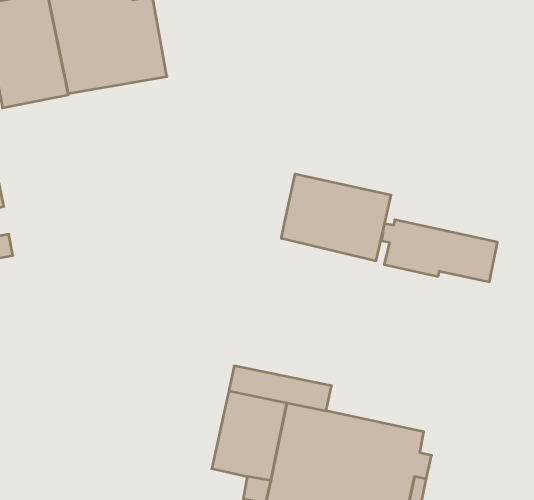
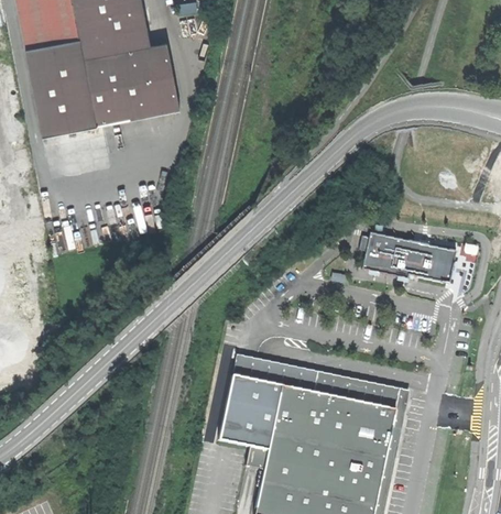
building: [282,174,391,261] -> none
building: none -> [312,369,407,427]

